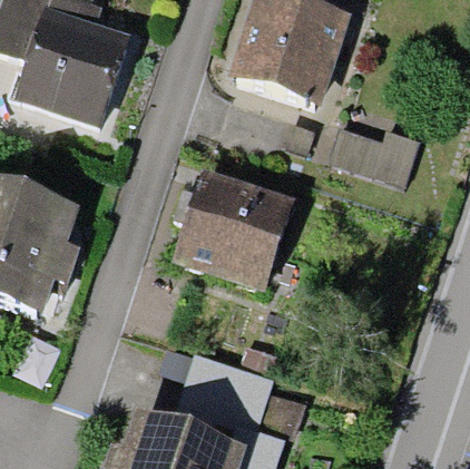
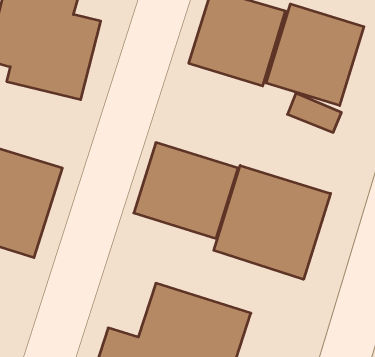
building: none -> [266,4,364,106]
building: none -> [214,165,331,279]

